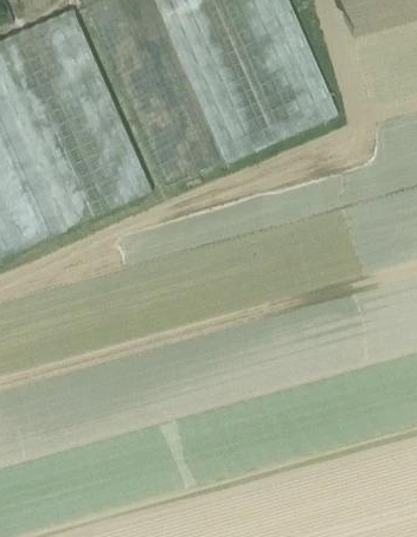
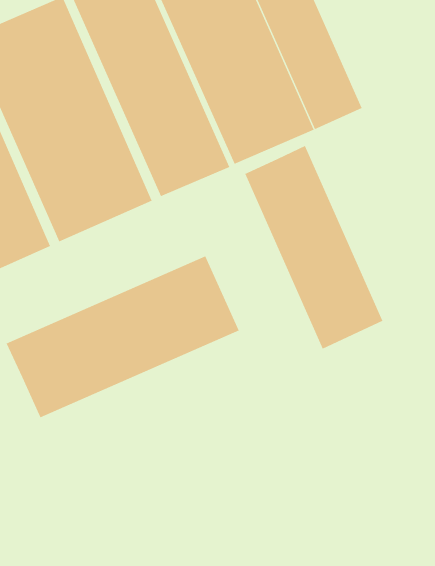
building: none -> [245,145,383,349]
building: none -> [6,256,240,418]

